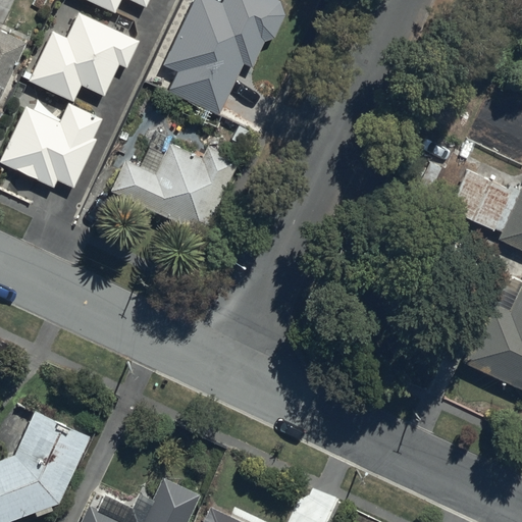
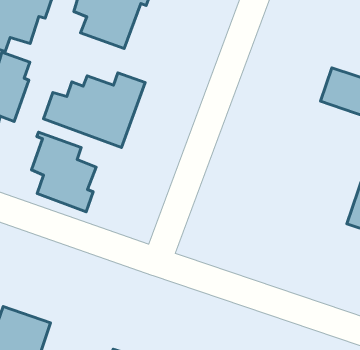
building: none -> [32,132,96,212]

